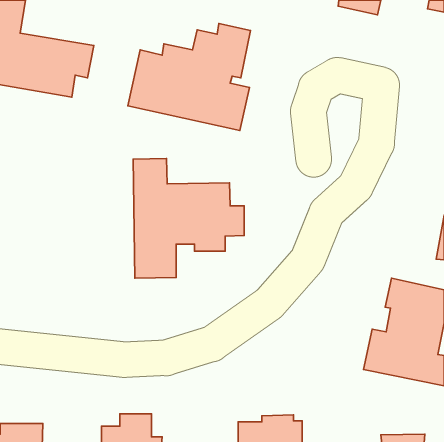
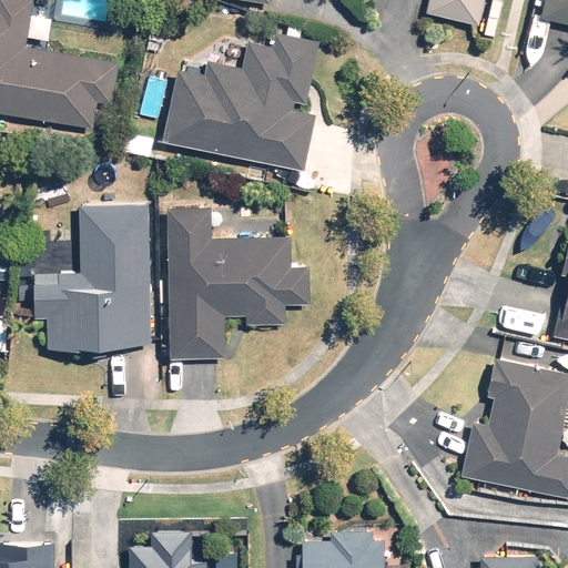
building: none -> [36,205,150,345]

